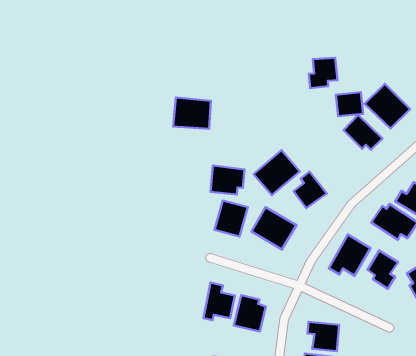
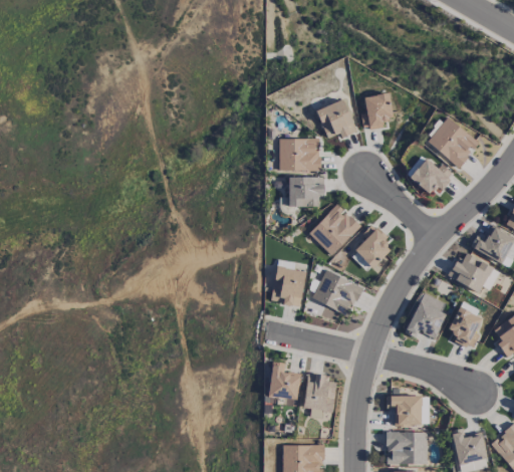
building: none -> [317,99,356,139]
building: [336,92,363,116] -> none
building: [173,97,211,129] -> [280,139,321,172]
building: [211,166,244,194] -> [289,177,325,207]

